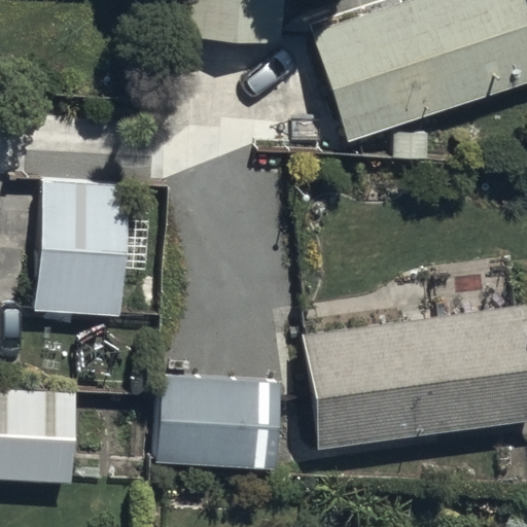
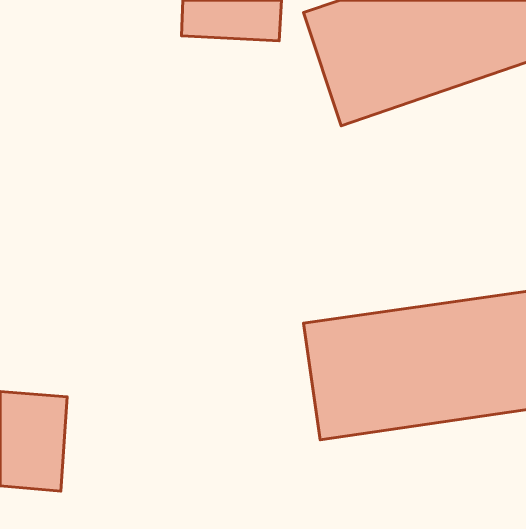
building: [35,186,156,317] -> none
building: [159,378,284,471] -> none

